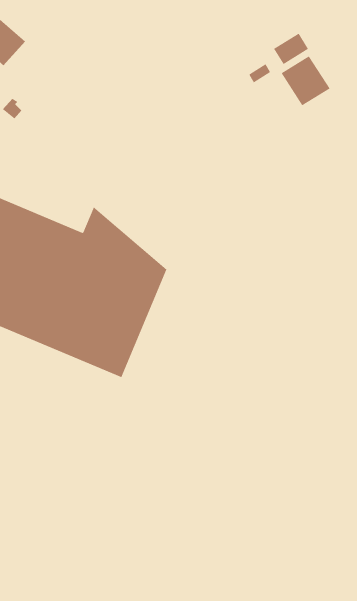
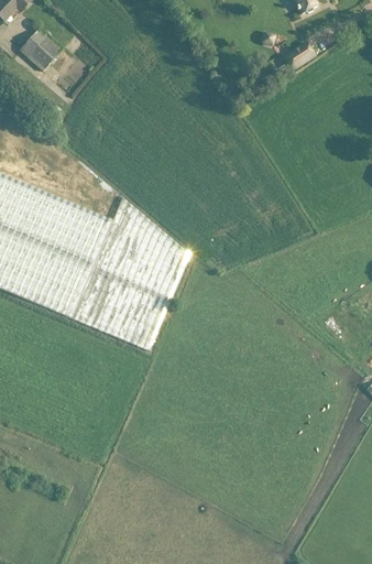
building: [281,55,331,106] -> none

